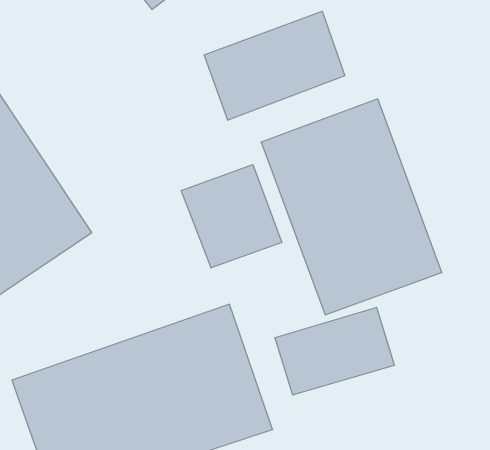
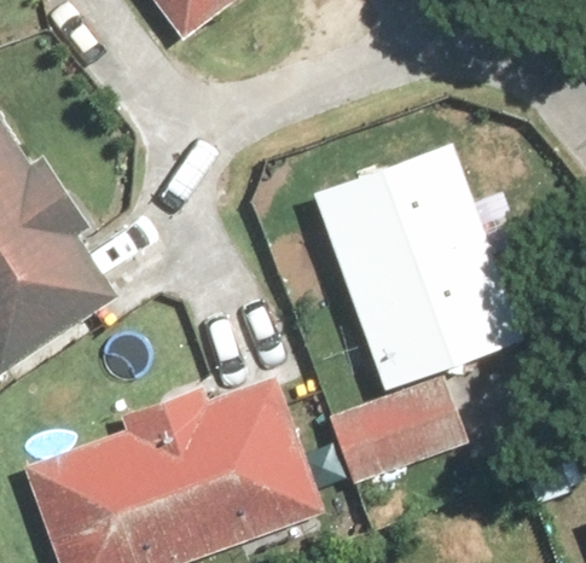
building: [204,11,345,120] -> none
building: [181,165,282,268] -> none

